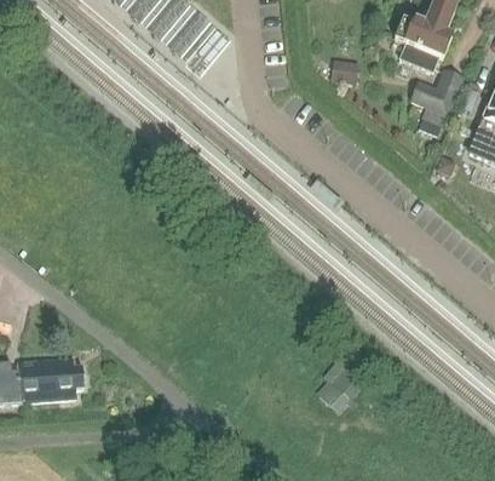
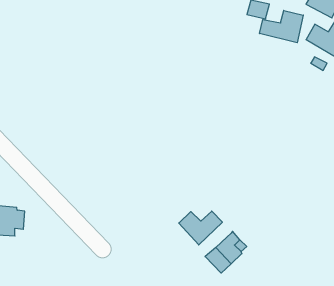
building: none -> [260,10,303,43]
building: none -> [179,211,222,245]

